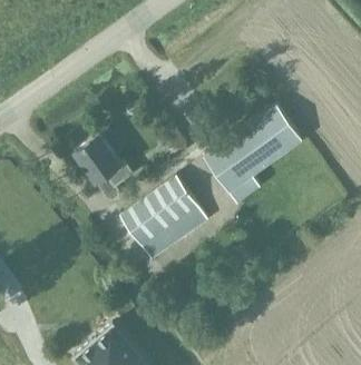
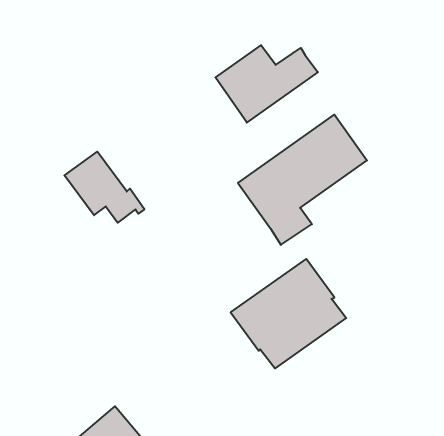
building: none -> [215,45,318,123]
building: [119,176,206,258] -> [231,259,346,368]

